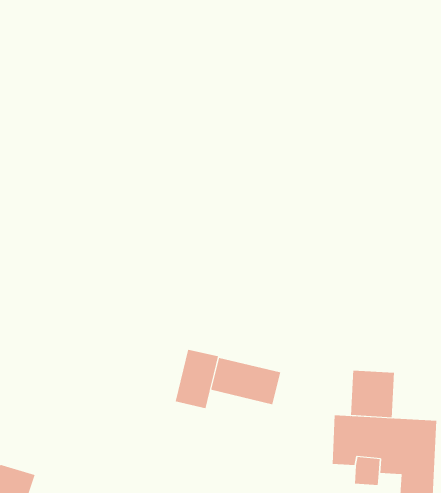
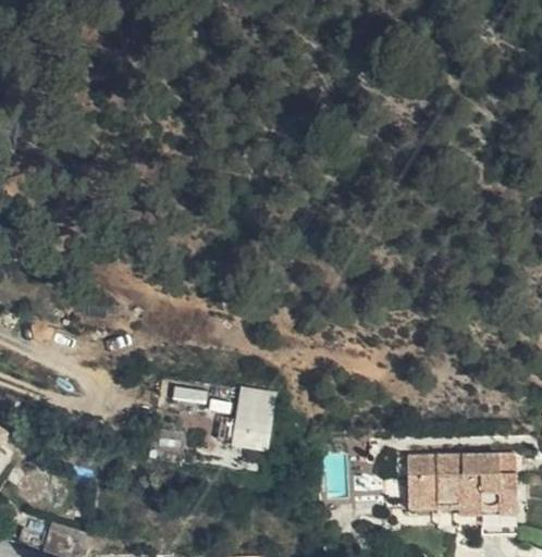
building: [211,357,281,405] -> none
building: [350,370,395,418] -> none

